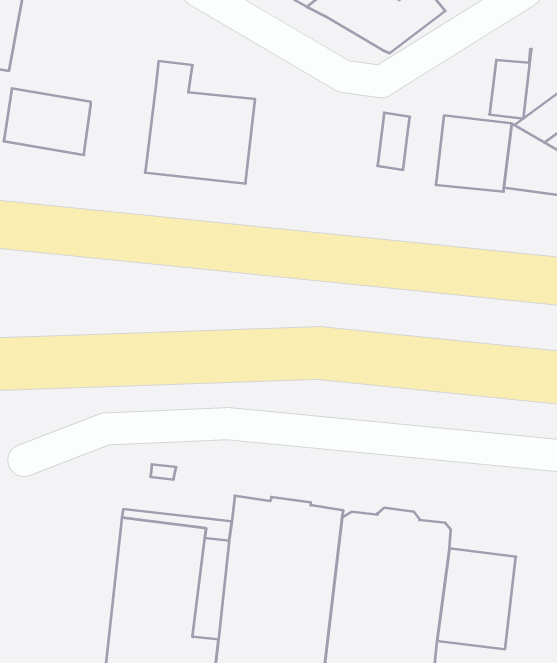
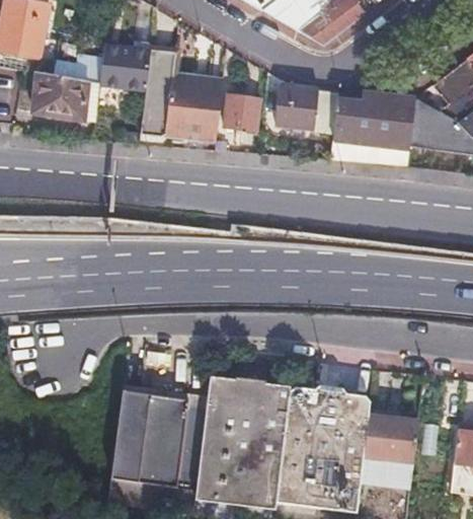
building: [489,49,532,119] -> [332,90,364,142]
building: none -> [100,44,151,93]
building: none -> [277,83,319,128]
building: none -> [224,95,260,129]

